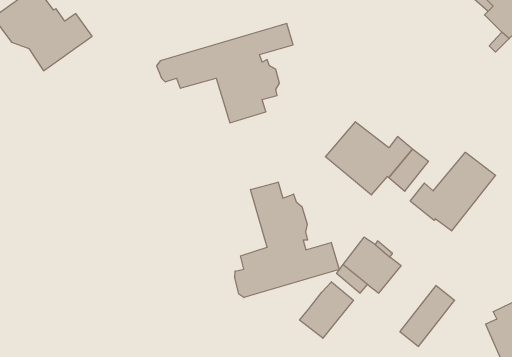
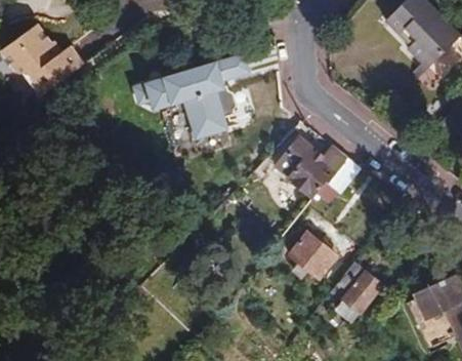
building: [410,152,496,231] -> none
building: [235,182,339,298] -> none
building: [300,282,353,338] -> none

